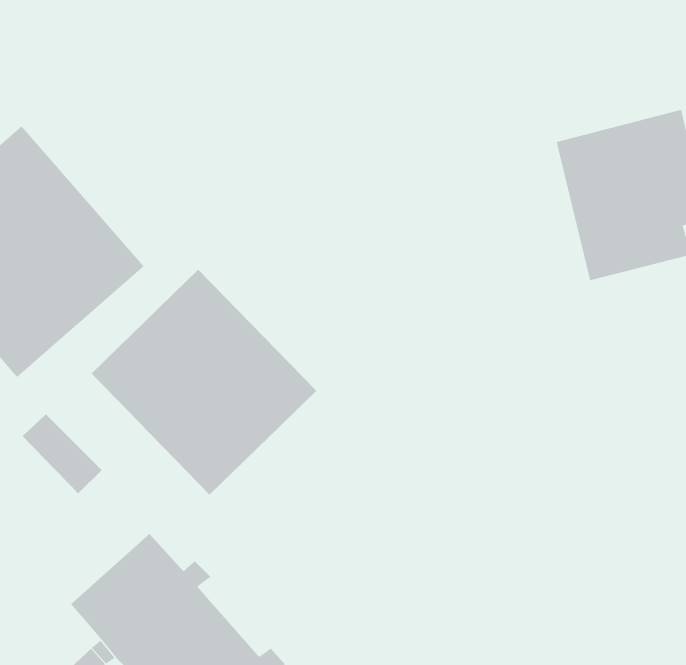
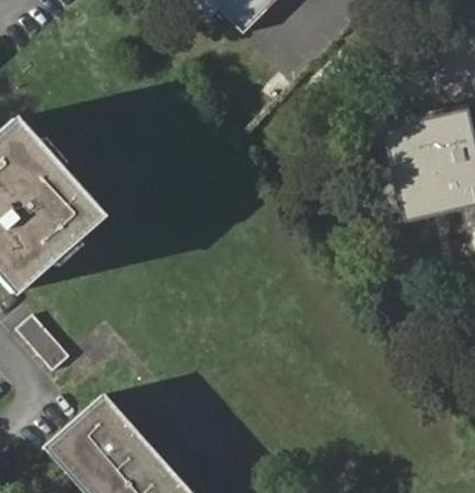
building: [91,269,317,495] -> none

